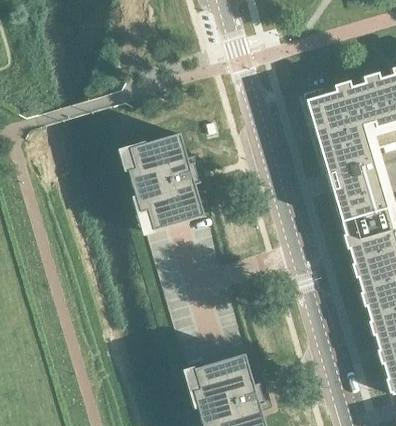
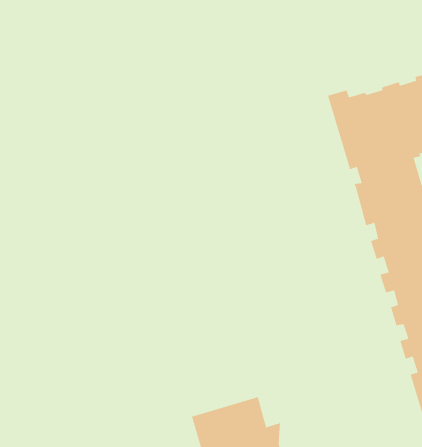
building: [122,133,208,232] -> none

